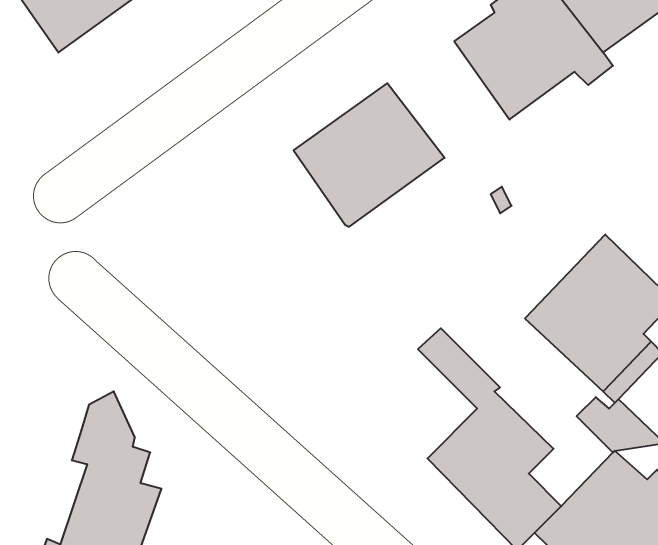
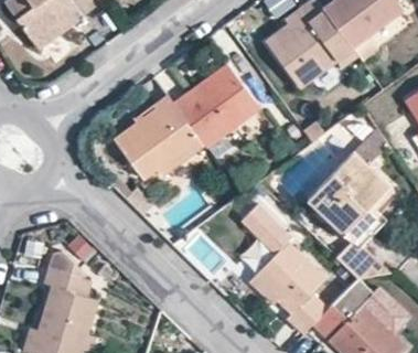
building: none -> [114,99,203,179]

